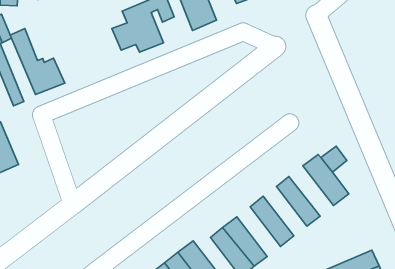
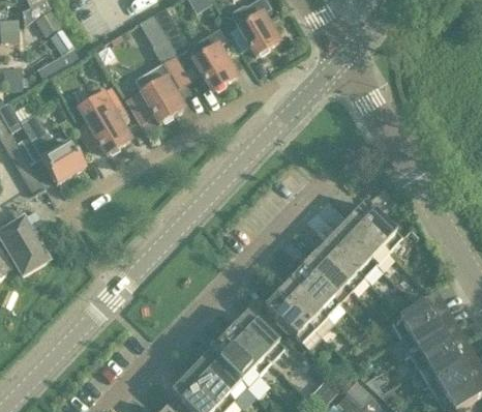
building: none -> [78,88,130,152]
building: none -> [336,215,388,266]
building: none -> [312,241,363,291]
building: none -> [288,267,338,317]

